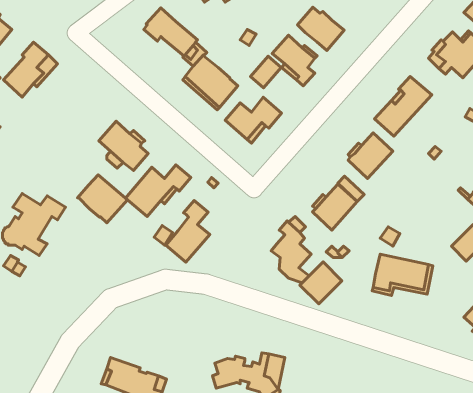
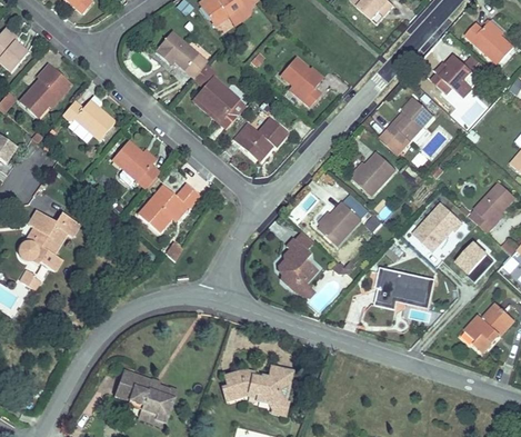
building: [298,7,344,50] -> none
building: [251,56,281,88] -> none
building: none -> [62,99,114,139]
building: [78,175,128,223] -> none
building: none -> [409,201,461,252]
building: [166,200,210,262] -> none
building: [300,262,342,304] -> none

